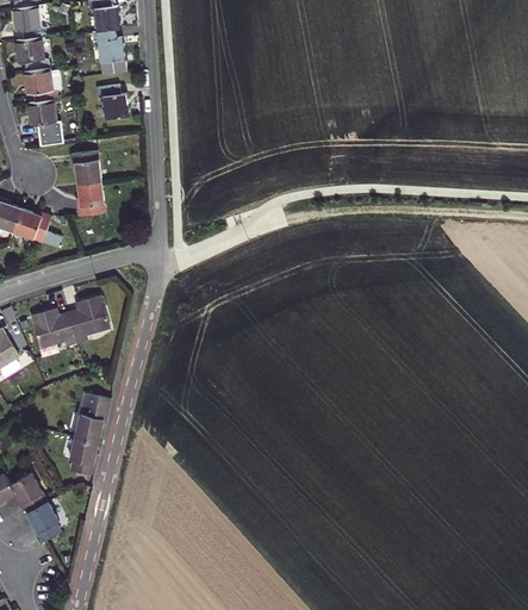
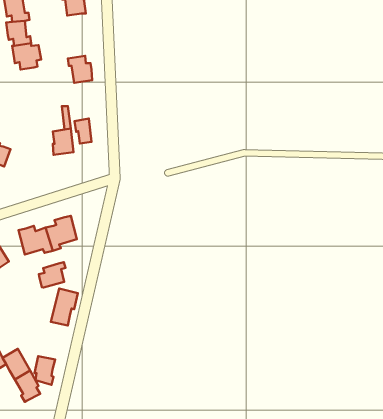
building: [92,29,124,63] -> none
building: [27,100,62,147] -> none
building: [69,151,92,185] -> [75,118,92,144]
building: [12,208,50,242] -> none
building: none -> [39,262,66,288]
building: [69,437,97,475] -> [35,356,55,385]

